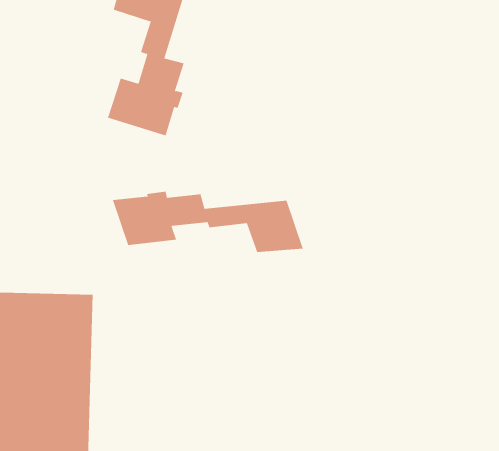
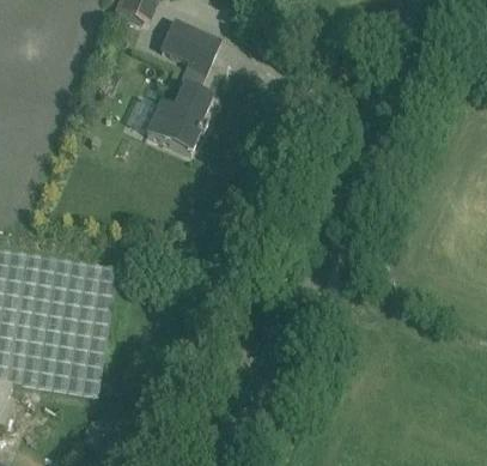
building: [112,191,303,253] -> none

